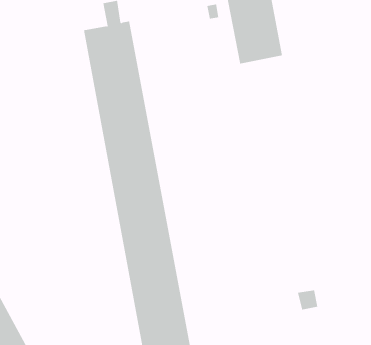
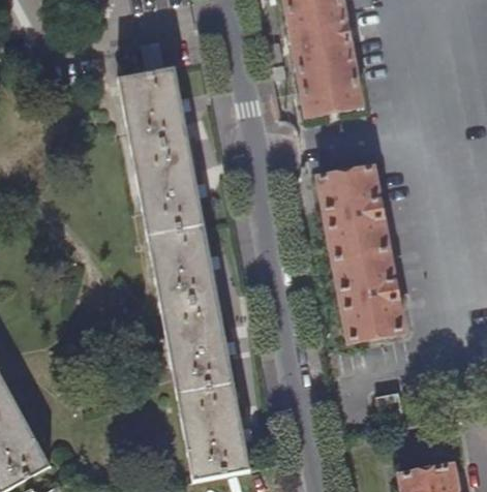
building: none -> [321,171,404,343]

